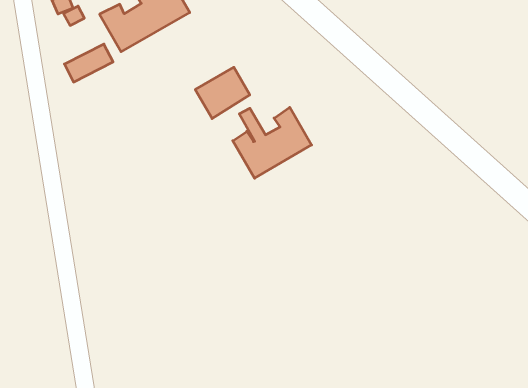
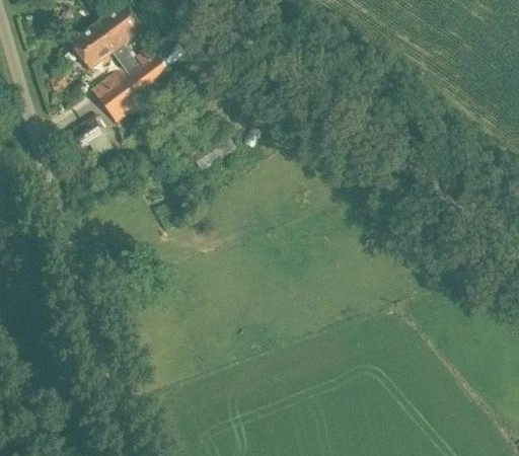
building: [233,107,312,178] -> none

